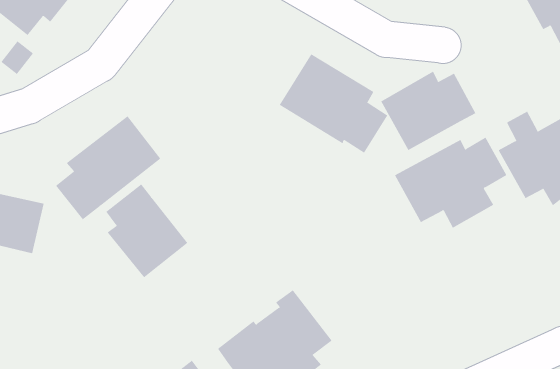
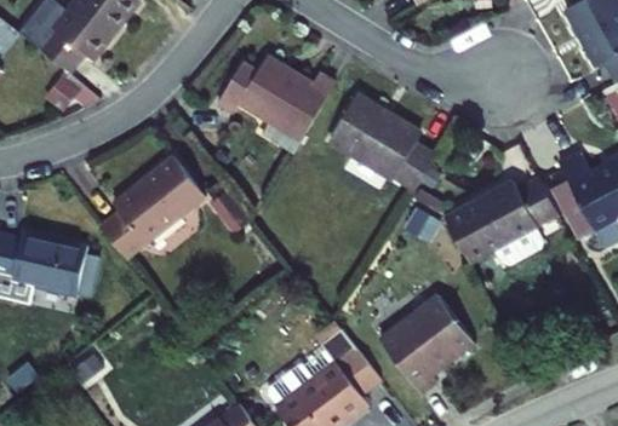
building: none -> [217,53,337,154]
building: [381,71,476,151] -> none
building: [105,183,188,278] -> none
building: none -> [377,292,477,396]

